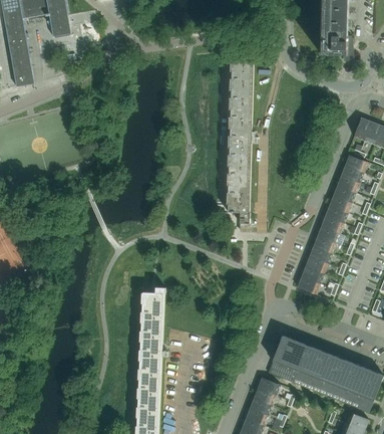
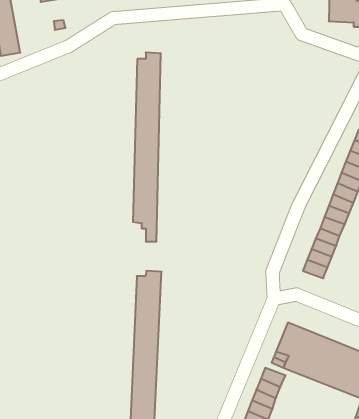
building: [228,53,254,229] -> [133,52,161,241]

